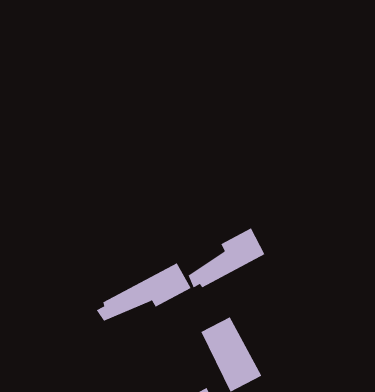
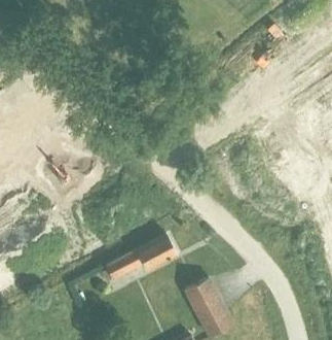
building: [188,228,265,288] -> none

